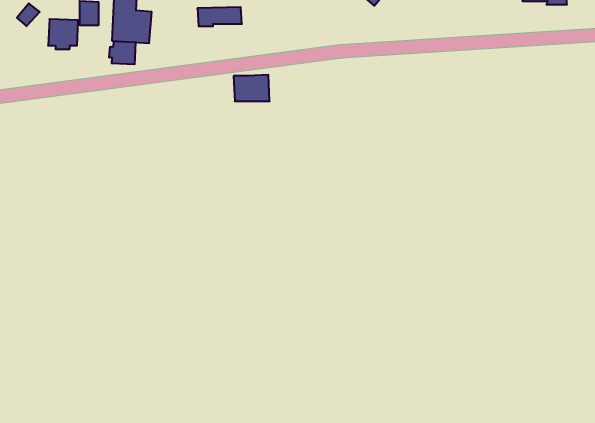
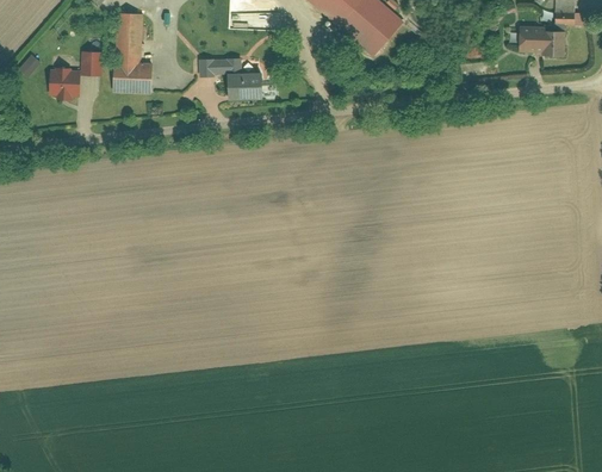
building: [109,41,136,64] -> none
building: [234,75,270,101] -> [228,73,263,99]

